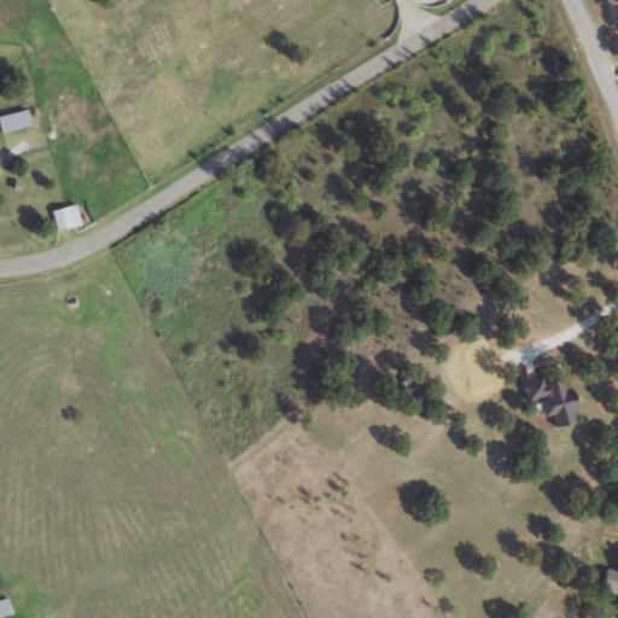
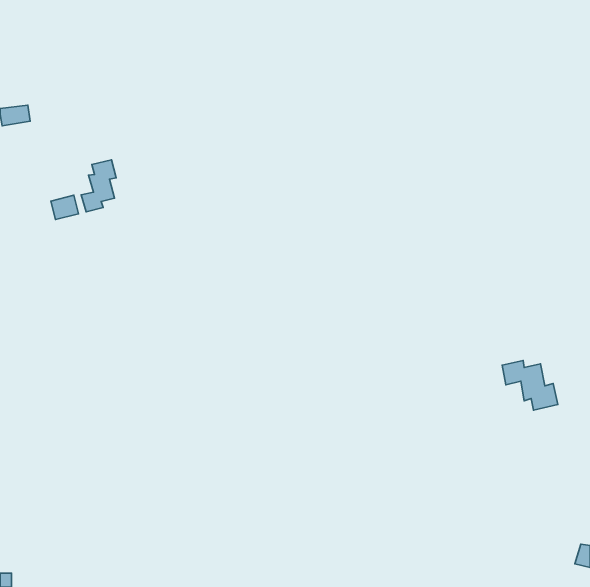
building: none -> [81,160,116,212]

